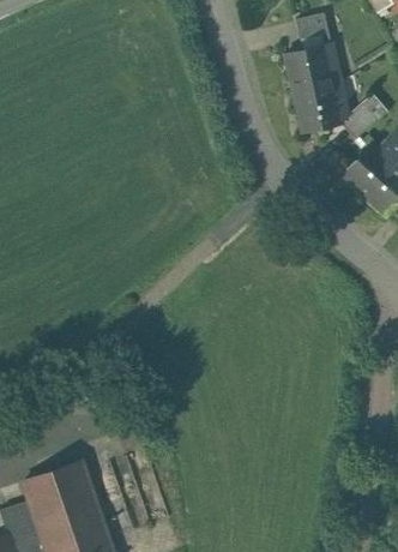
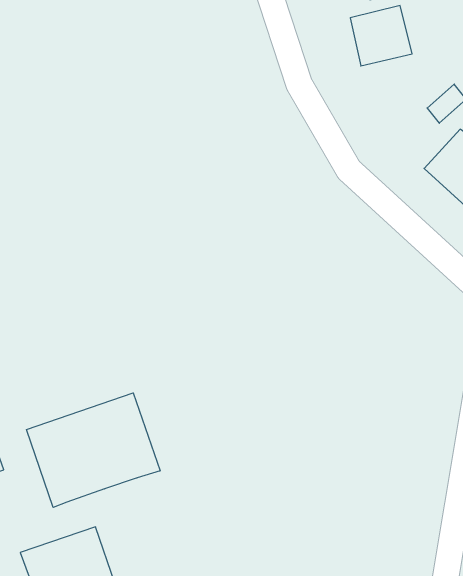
building: [293,83,342,131] -> none
building: none -> [26,393,160,507]

